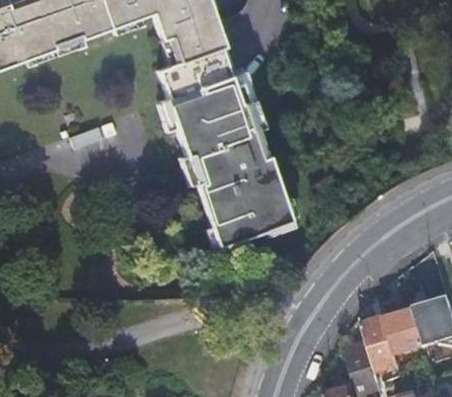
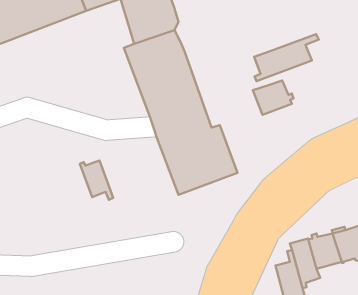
building: none -> [254,34,319,81]
building: none -> [253,80,293,115]
building: none -> [80,160,113,200]

